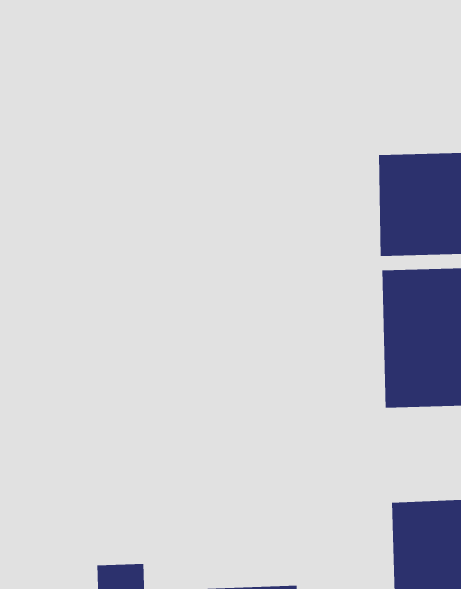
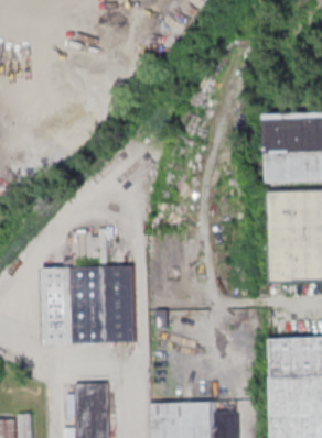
building: none -> [43,271,135,348]

